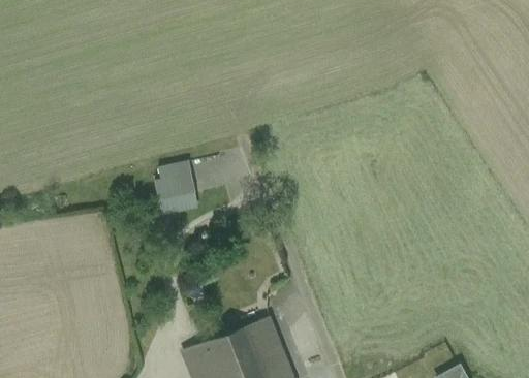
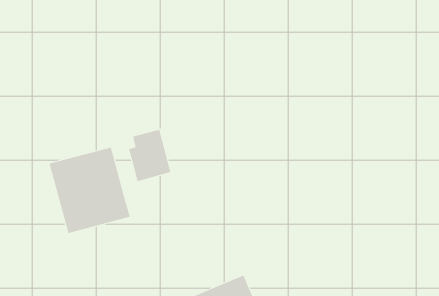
building: none -> [49,147,130,234]

